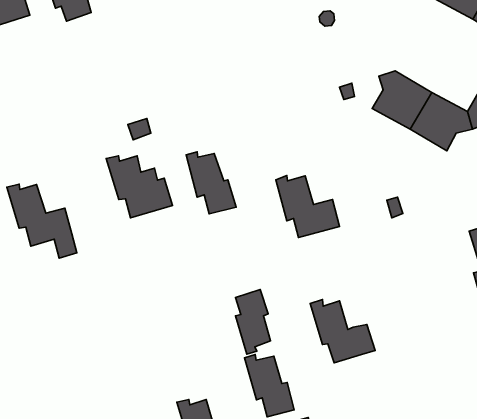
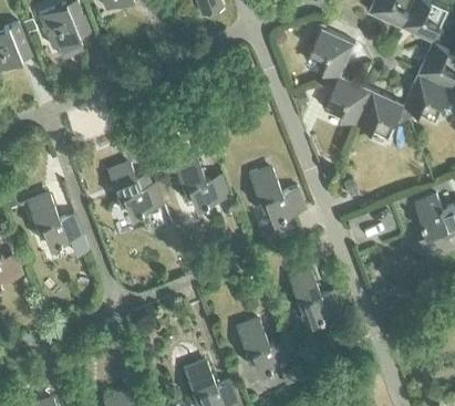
building: none -> [307,29,355,81]
building: [235,289,270,354] -> none

